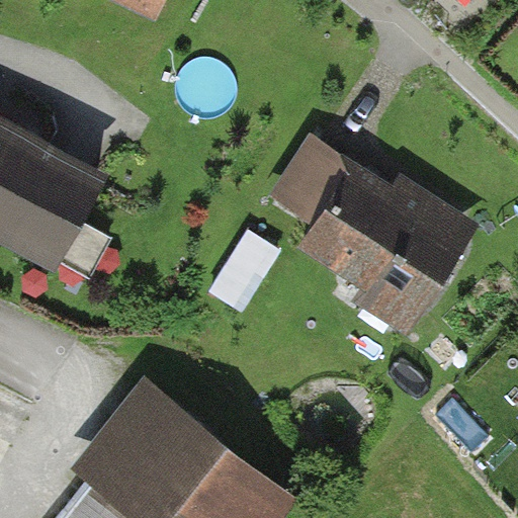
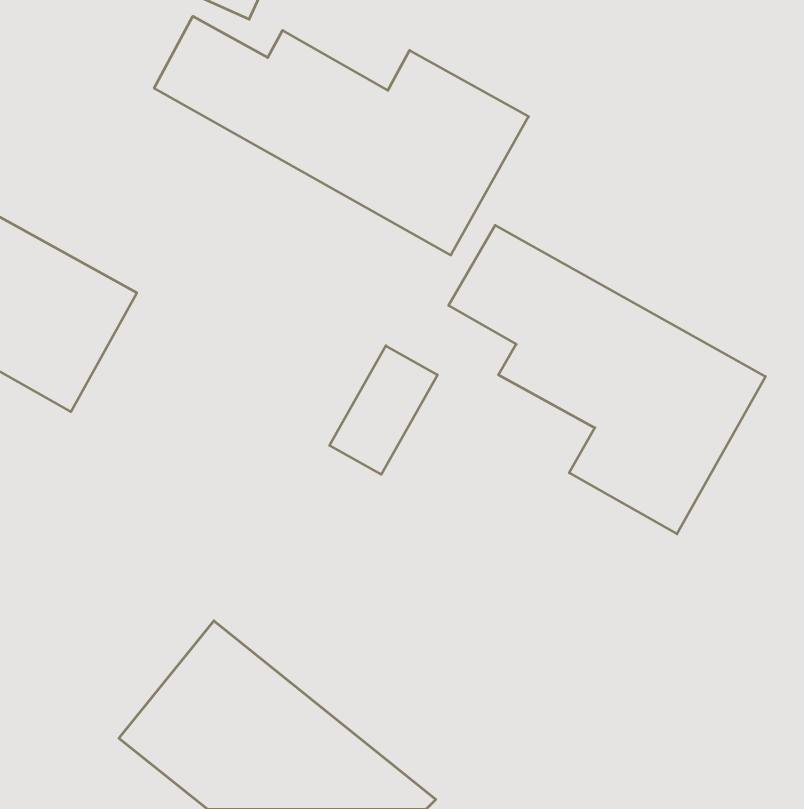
building: none -> [154,16,529,255]

